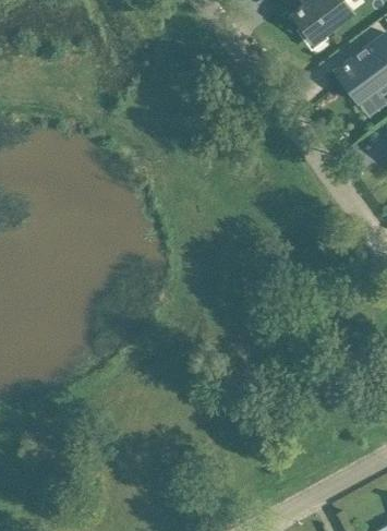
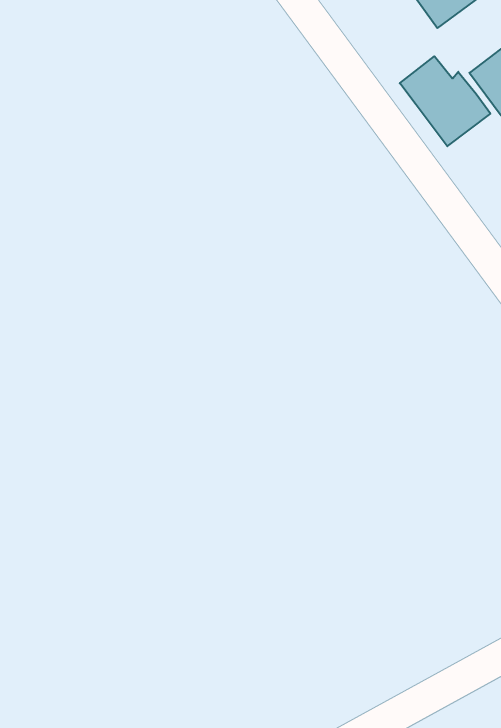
building: none -> [400,56,490,146]

